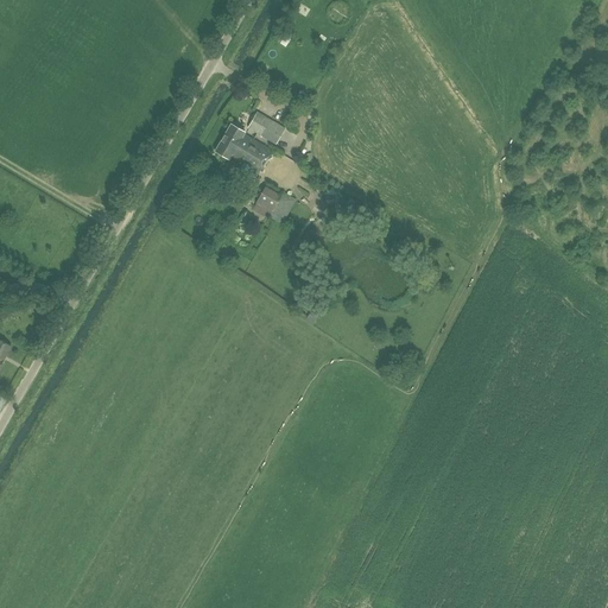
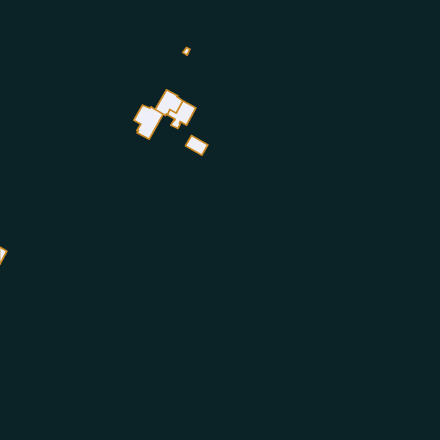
building: [247,112,284,144] -> none
building: none -> [134,105,163,139]

